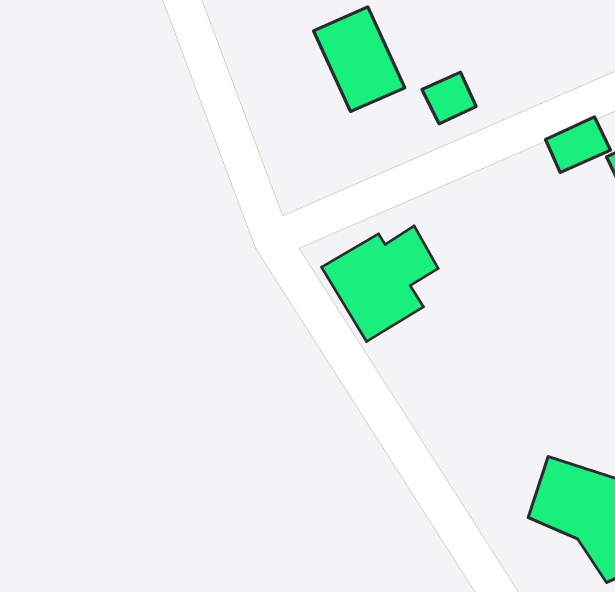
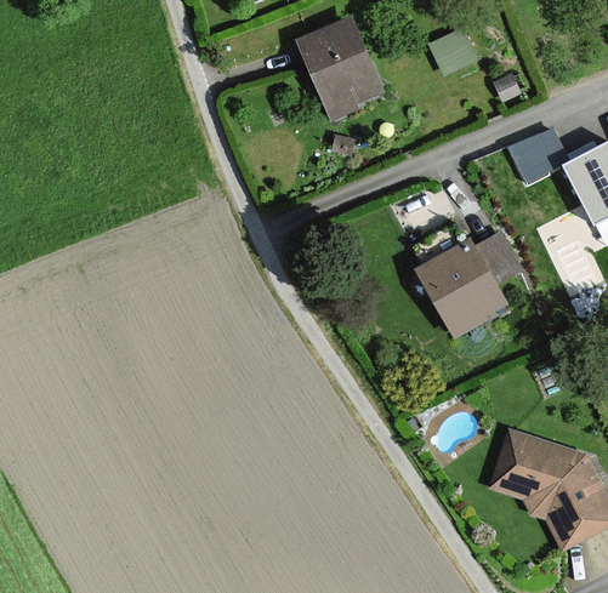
building: [422,72,476,124] -> [428,24,478,72]
building: [321,226,438,341] -> [414,234,521,340]

